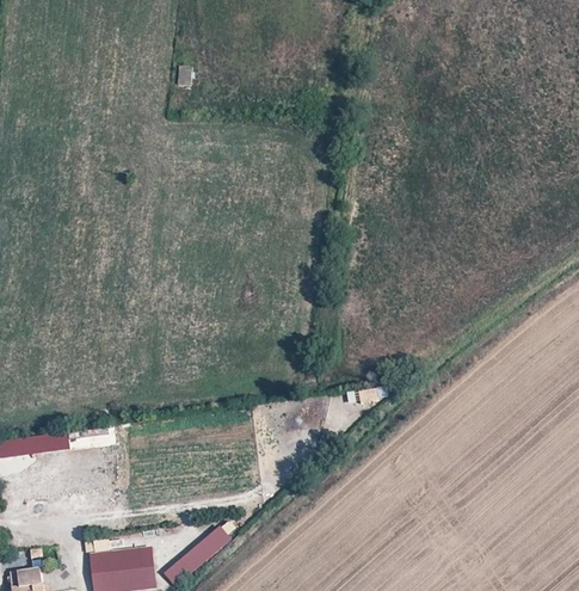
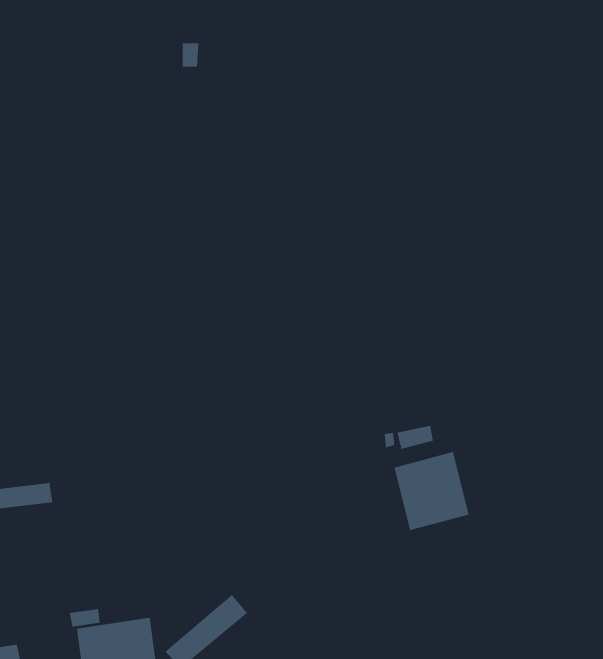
building: none -> [394,451,469,531]

